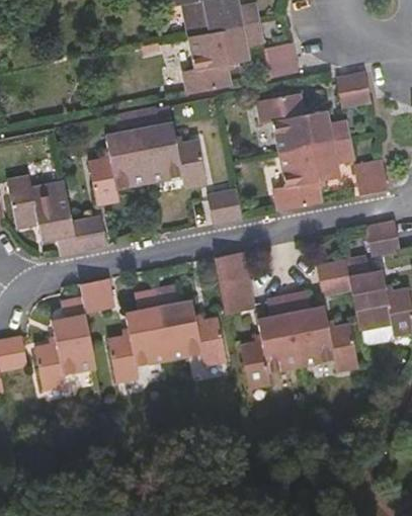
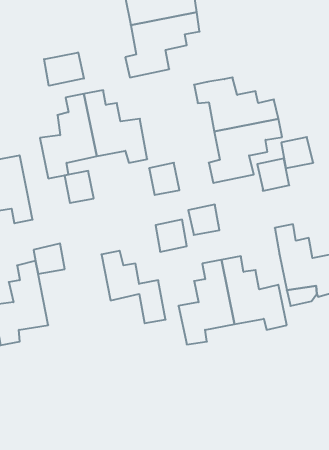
building: [264,42,296,77] -> none
building: none -> [44,52,84,86]
building: [336,73,370,107] -> none
building: [73,216,105,251] -> [64,171,94,203]
building: [365,222,401,257] -> [257,159,289,191]
building: [316,260,351,295] -> none
building: [220,280,254,314] -> [188,205,219,235]
building: [107,289,169,381] -> none

